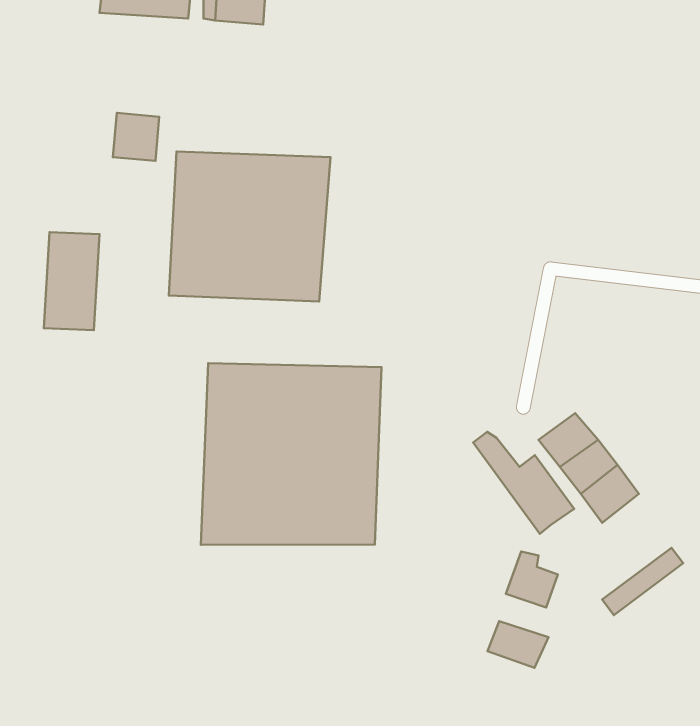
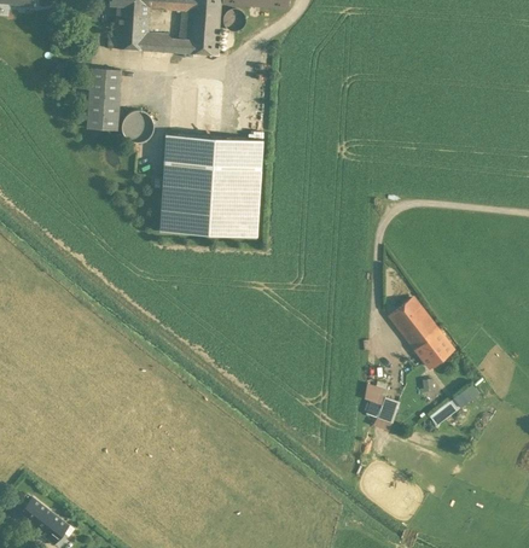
building: [44,232,100,330] -> [87,69,122,130]
building: [201,363,382,545] -> none
building: [473,432,574,534] -> none
building: [487,621,548,668] -> none

